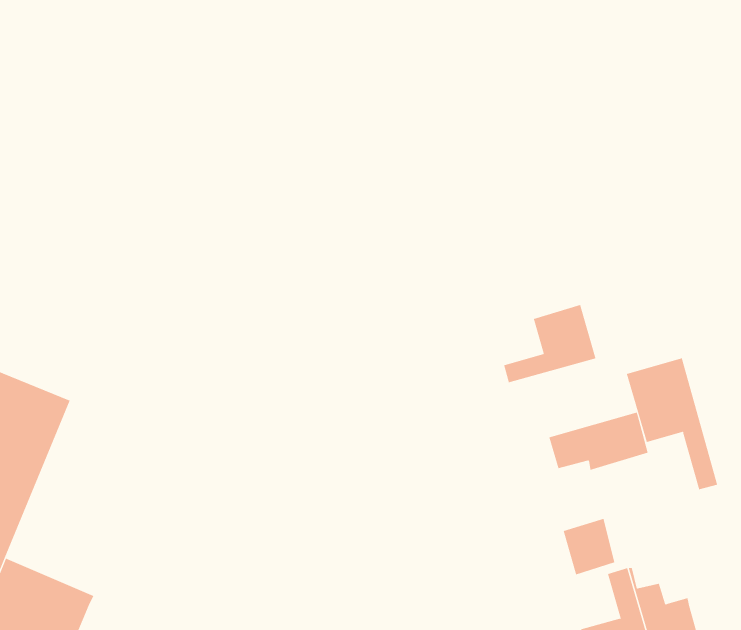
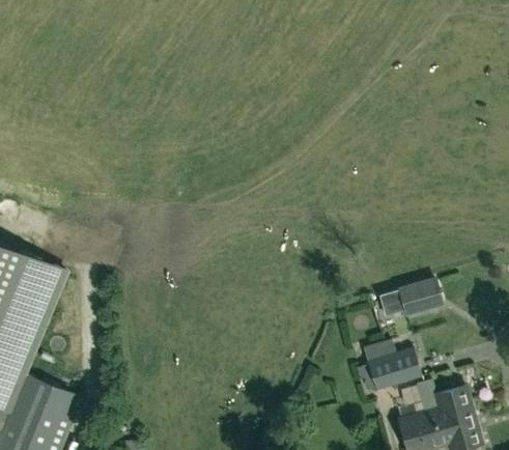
building: [504,304,596,383] -> none
building: [626,358,718,490] -> none
building: none -> [365,355,422,391]

